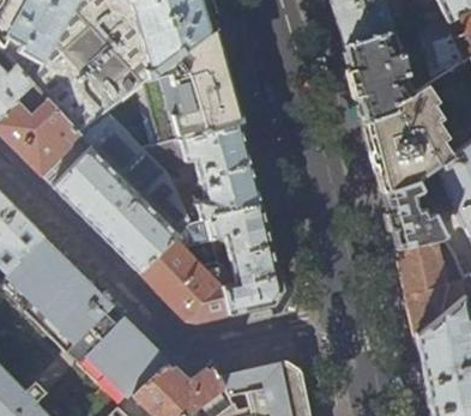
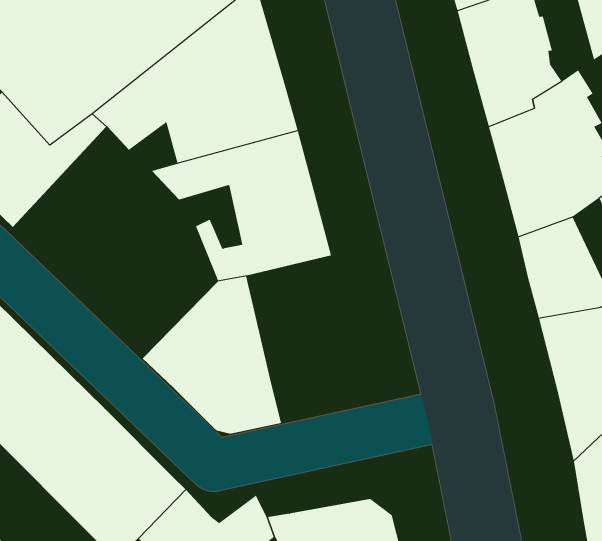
building: [54,122,187,273] -> none
building: [206,206,282,315] -> none

